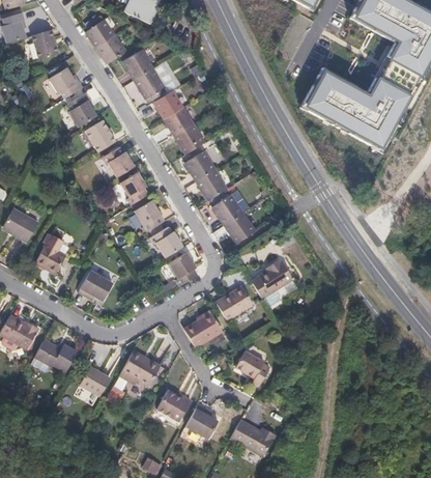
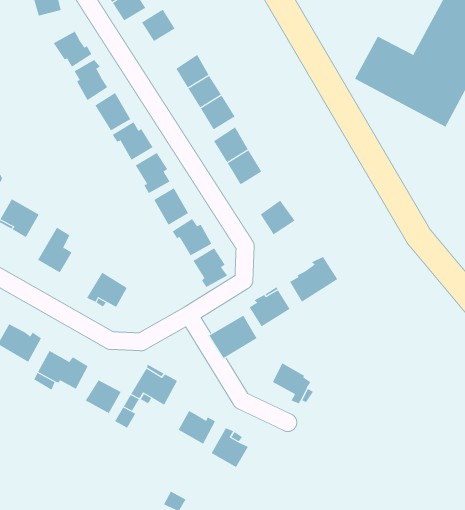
building: [134,65,164,96] -> none
building: [211,192,241,223] -> none
building: [227,419,272,456] -> none

